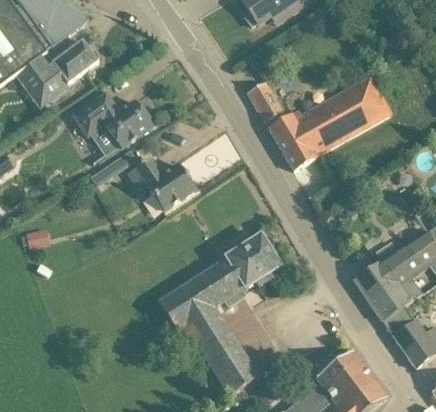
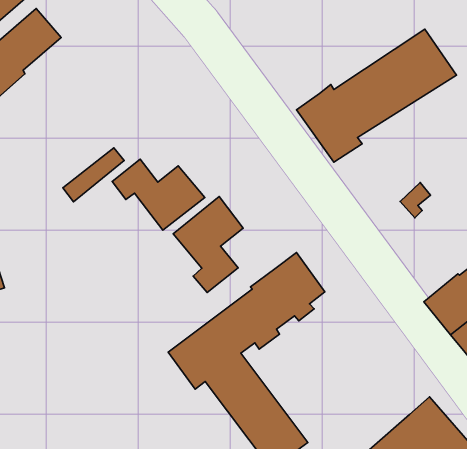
building: [247,81,287,129] -> none
building: [72,93,153,156] -> none
building: none -> [173,196,243,293]

